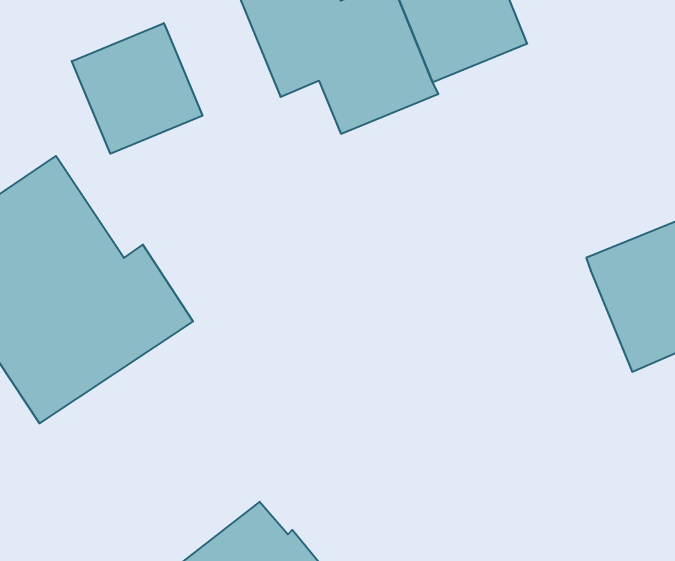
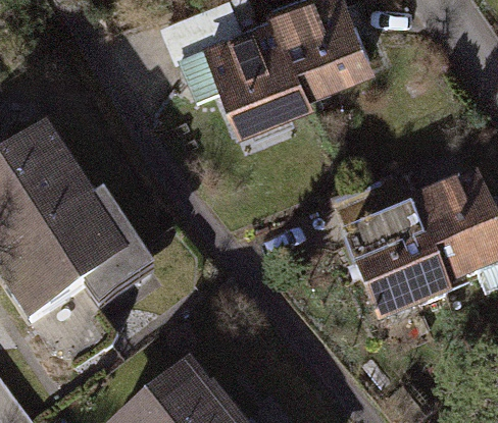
building: [72,23,202,154] -> none
building: none -> [350,217,448,322]

